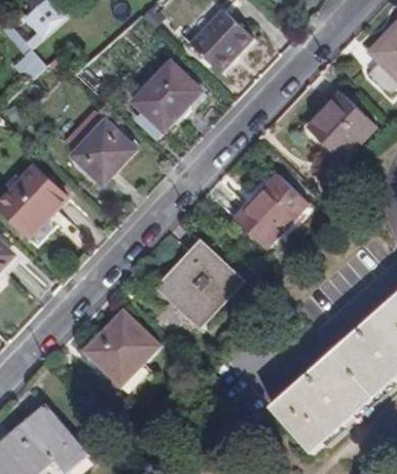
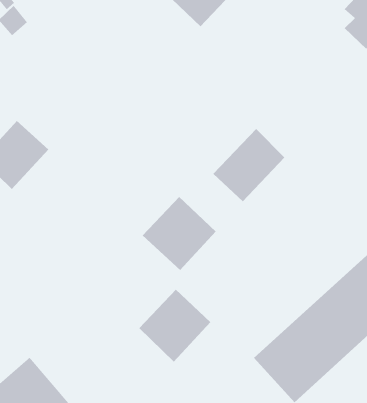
building: [132,61,200,129] -> none
building: [306,92,375,159] -> none
building: [73,119,133,182] -> none
building: [83,311,157,386] -> [138,289,211,363]

